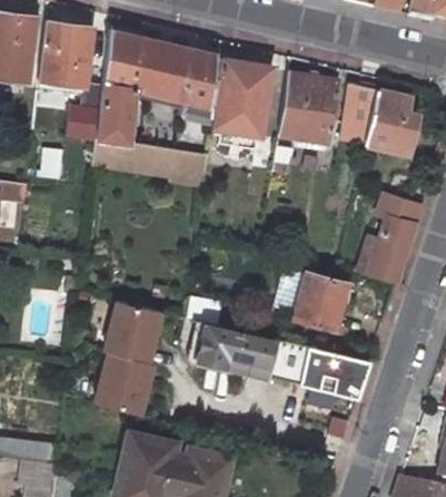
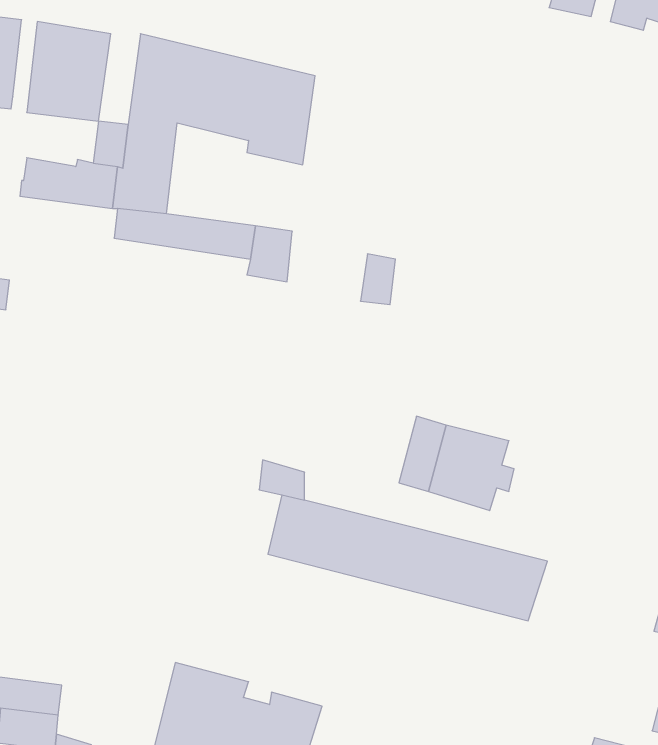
building: [216,61,271,139] -> none
building: [278,72,339,140] -> none
building: [339,84,419,157] -> none
building: [368,202,420,285] -> none
building: [89,299,161,413] -> none

